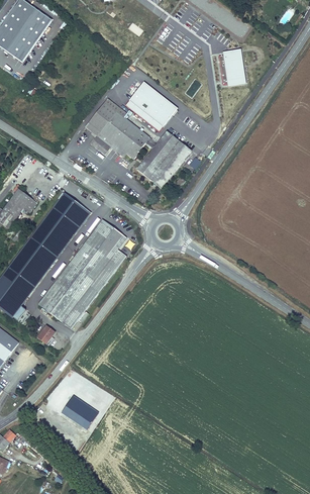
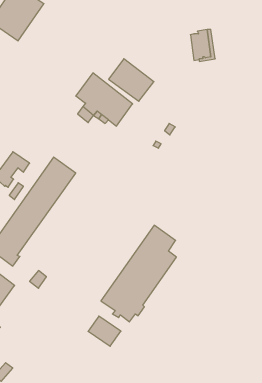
building: [136,131,190,188] -> none
building: [39,218,125,328] -> [101,225,176,322]
building: [61,395,98,429] -> [88,316,121,346]

